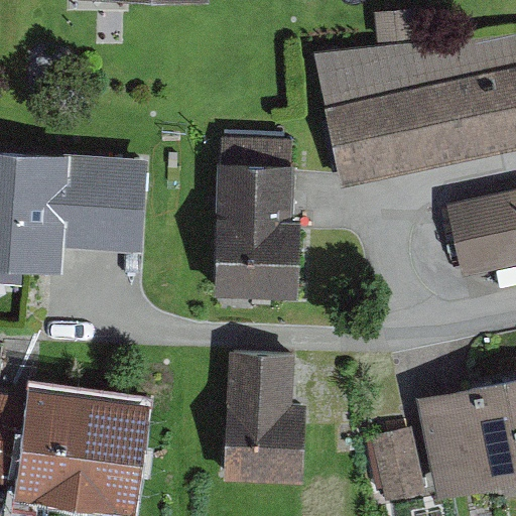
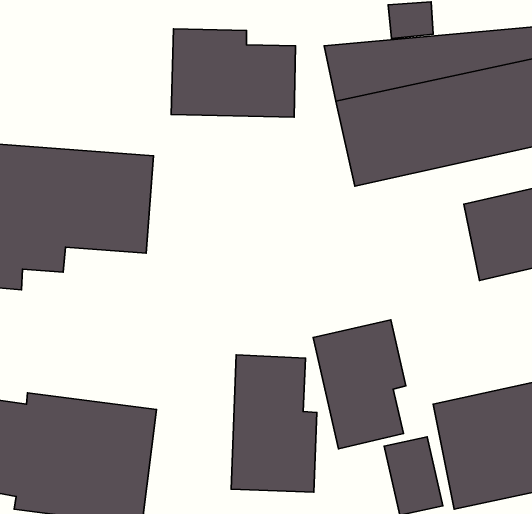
building: none -> [171,29,295,117]
building: [215,139,300,297] -> none
building: none -> [313,320,406,449]

